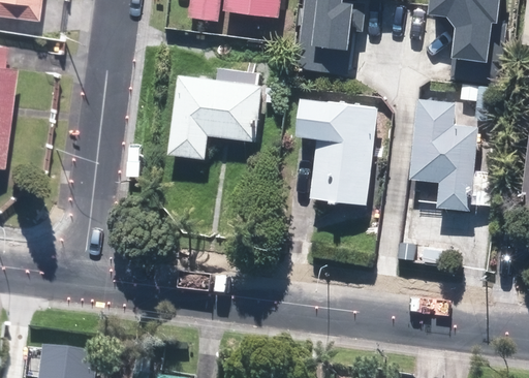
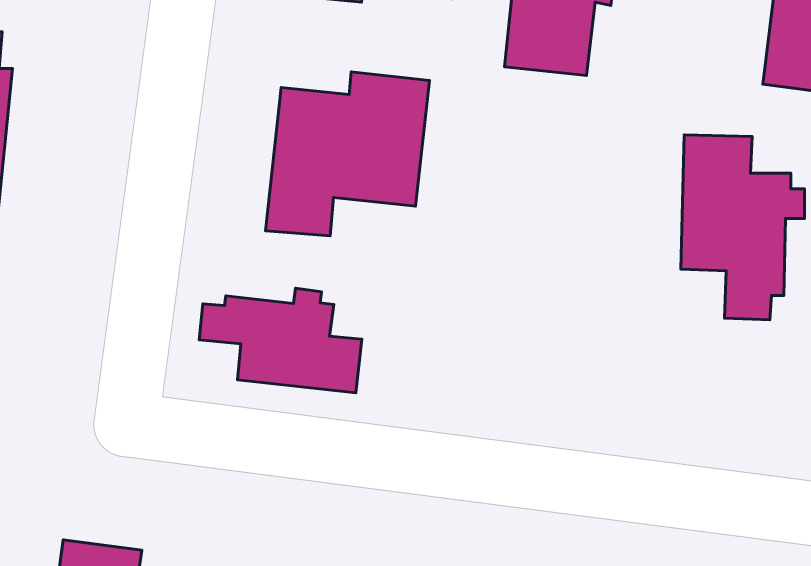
building: [288,102,370,210] -> none
building: none -> [199,288,362,393]

